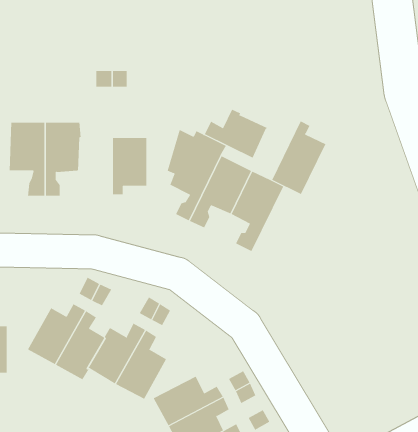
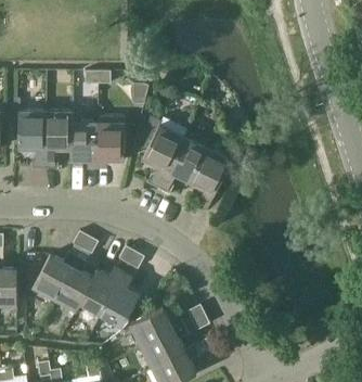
building: [204,109,268,158] -> none
building: [271,121,326,195] -> none
building: none -> [70,123,98,167]

